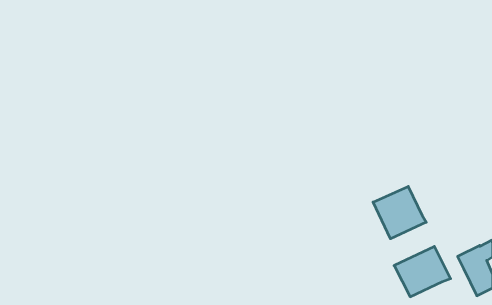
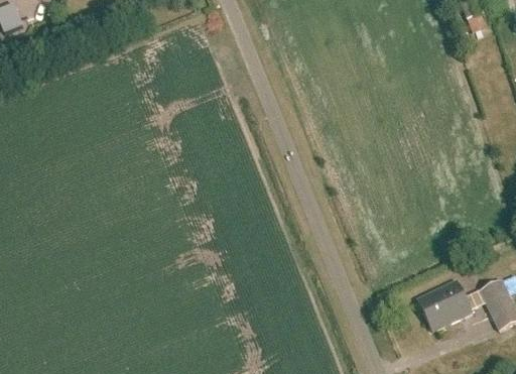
building: [373,186,426,239] -> none

